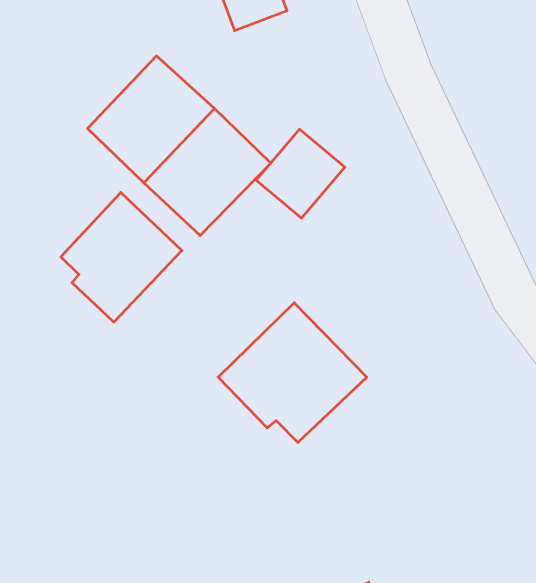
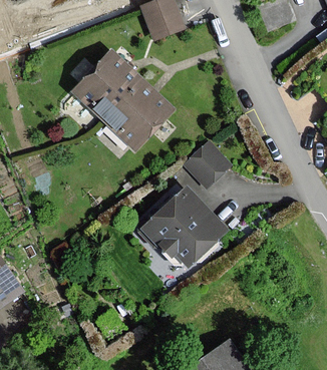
building: [256,129,345,218] -> [183,139,232,189]
building: [61,192,182,322] -> none

